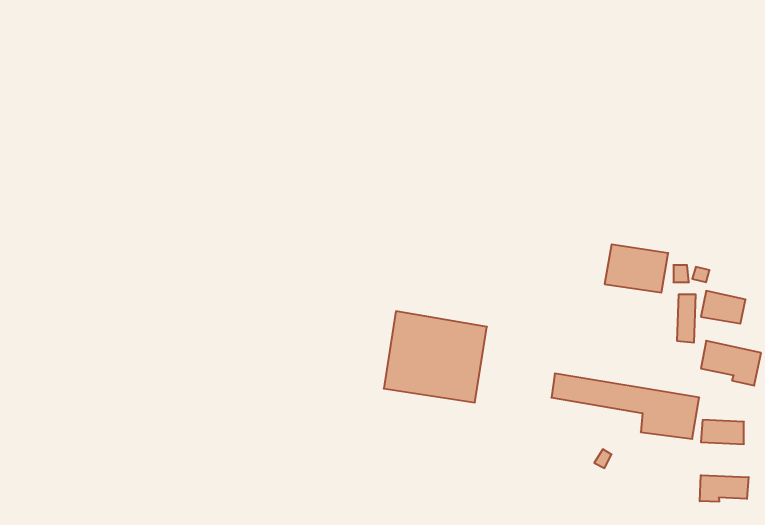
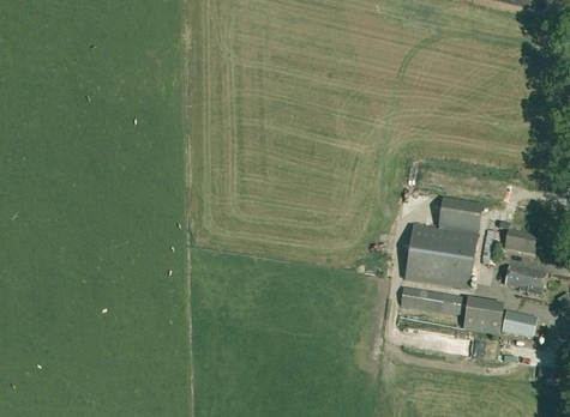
building: [384,311,487,402] -> [404,224,476,288]
building: [700,475,749,502] -> none

